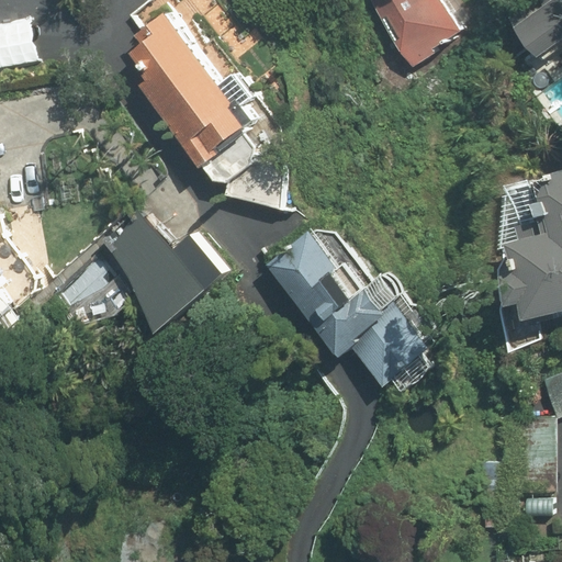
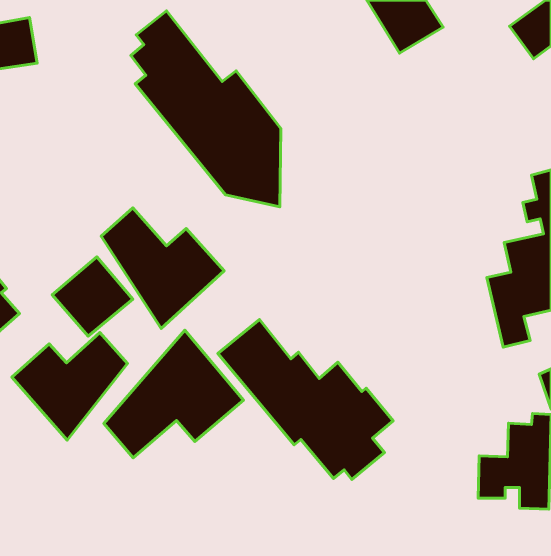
building: [267,229,443,391] -> [218,320,393,480]
building: none -> [104,330,243,458]
building: none -> [12,333,127,440]

